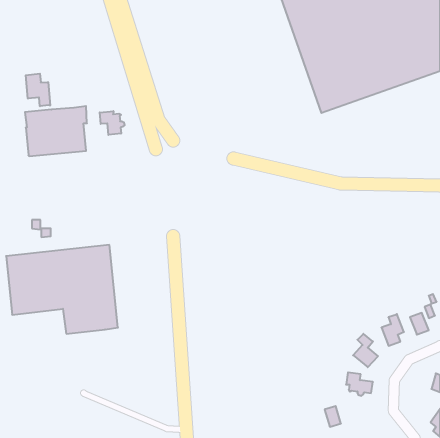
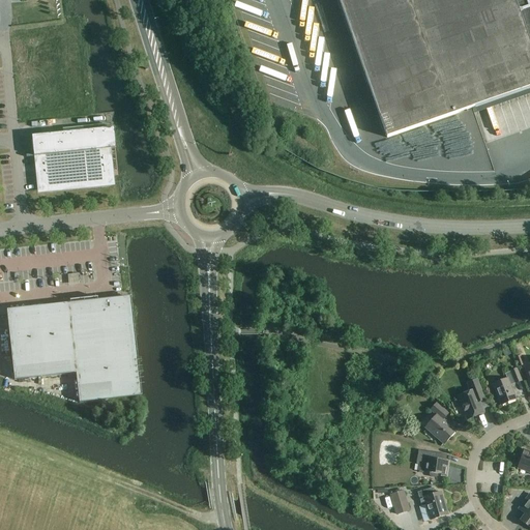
building: [26,74,50,106] -> none
building: [100,111,125,135] -> none
building: none -> [417,484,445,517]

